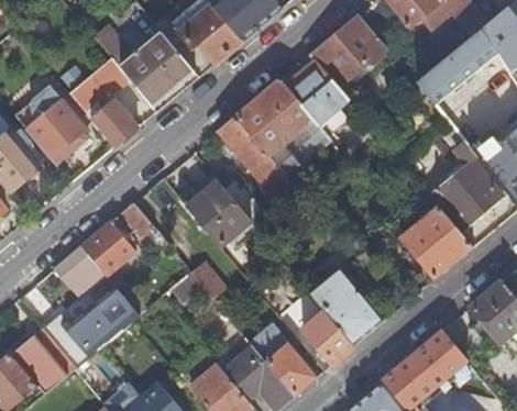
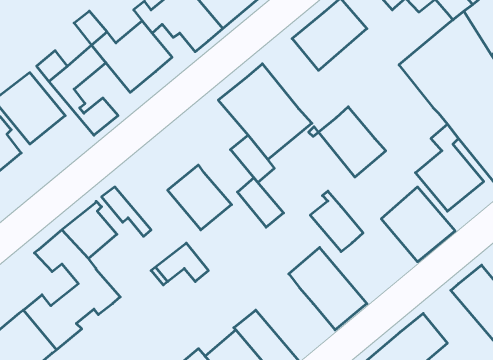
building: [282,55,349,125] -> [319,107,386,177]
building: [221,116,267,166] -> [237,178,284,227]
building: [301,304,354,365] -> [310,191,363,252]

